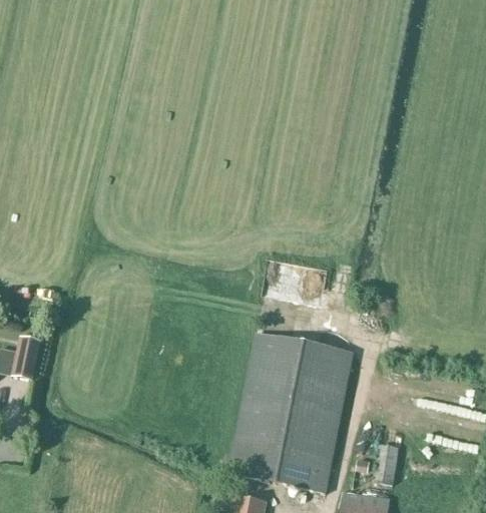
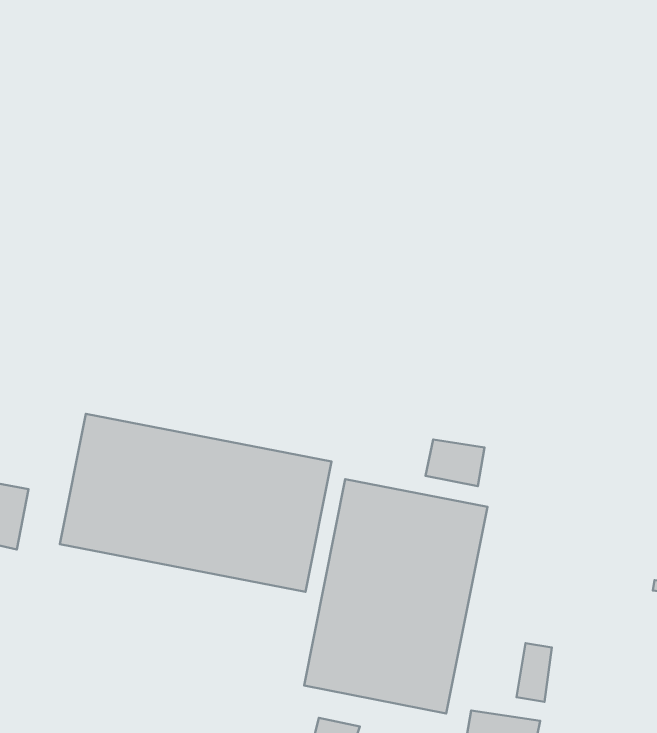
building: none -> [60,414,331,592]
building: none -> [426,439,485,486]

